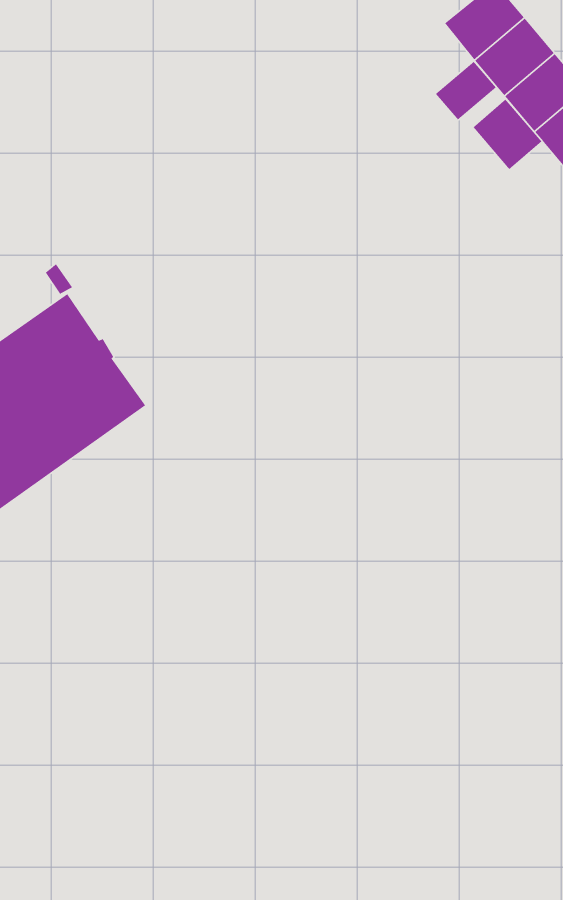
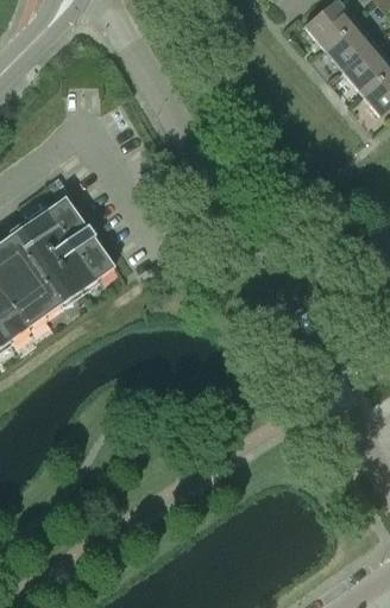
building: [435,61,497,121] -> none
building: [472,98,542,170] -> none

